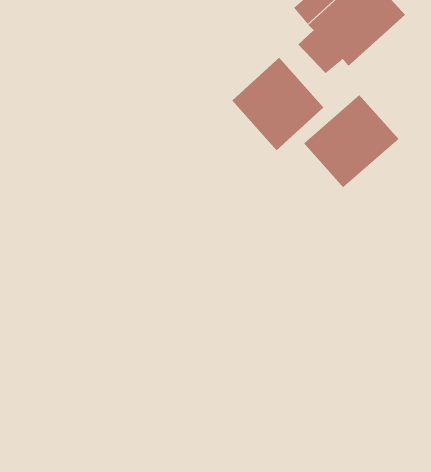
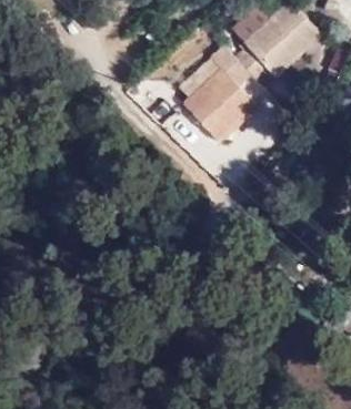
building: [303,94,399,188] -> none

